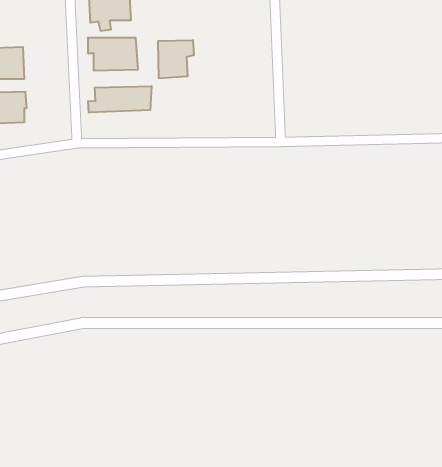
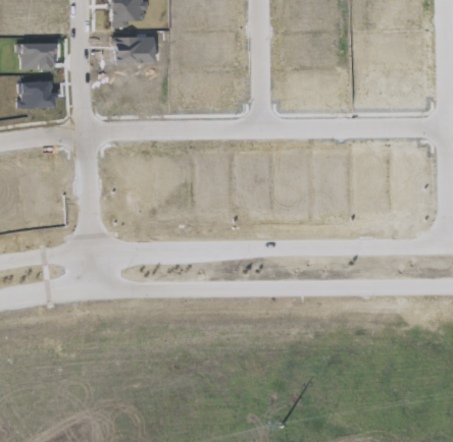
building: [158,40,194,78] -> none
building: [88,86,152,113] -> none

